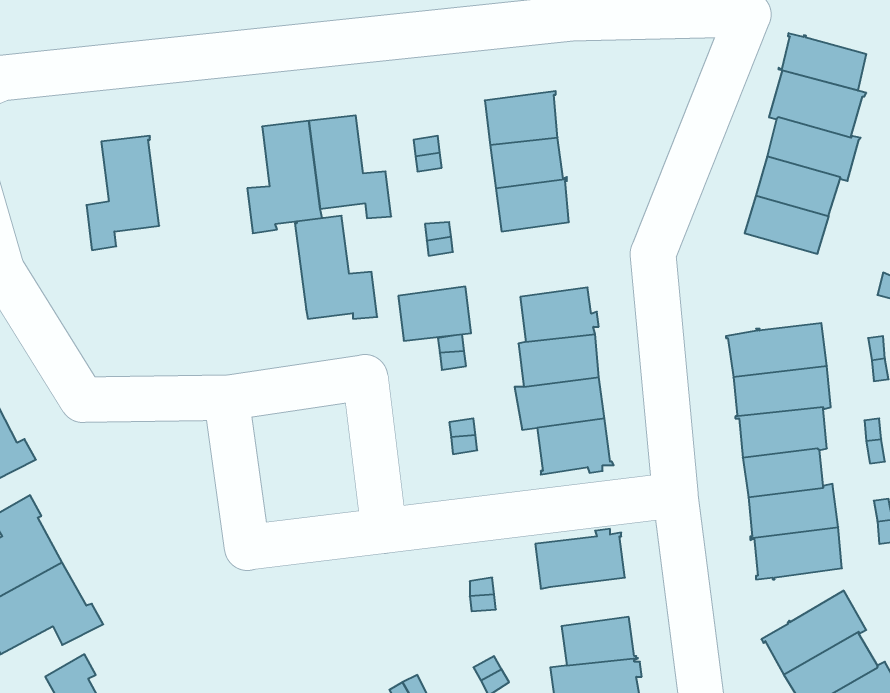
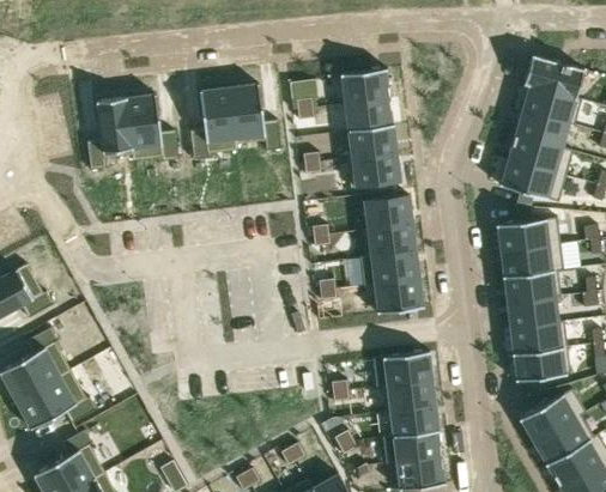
building: [779,33,866,91] -> none
building: [295,216,377,319] -> [126,96,178,162]
building: none -> [499,160,565,204]
building: [398,287,471,341] -> [352,153,399,188]
building: none -> [383,381,434,412]

